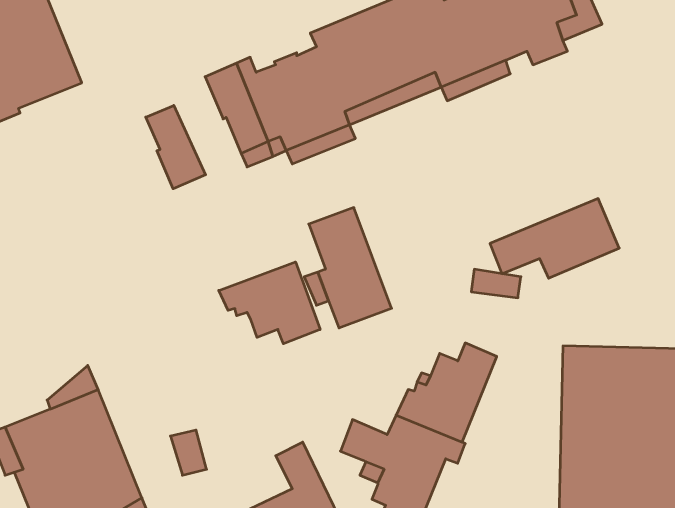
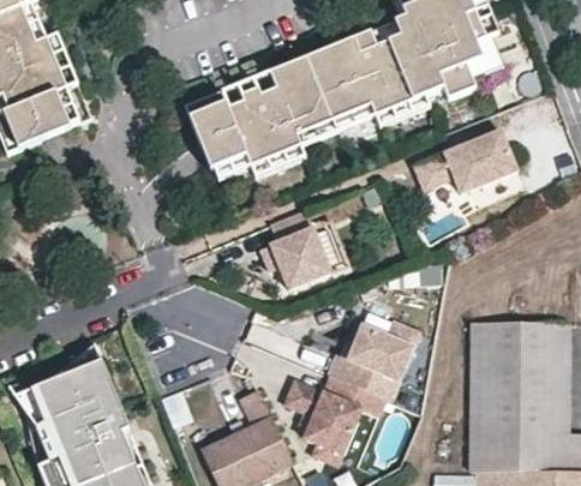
building: [146,105,206,189] -> none
building: [490,199,619,278] -> [412,126,515,190]
building: [219,262,320,344] -> none

